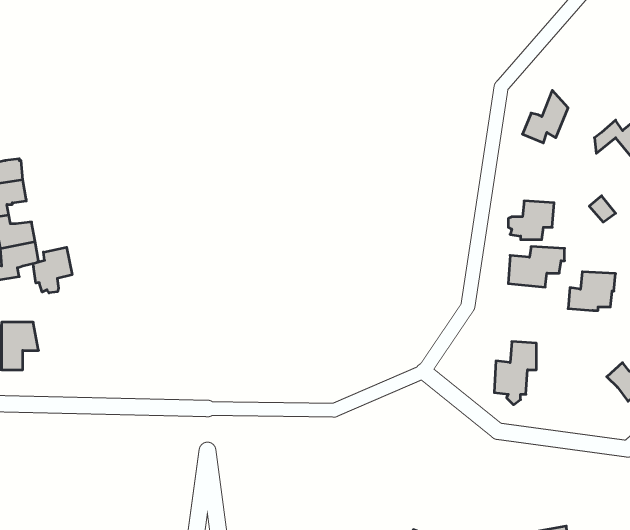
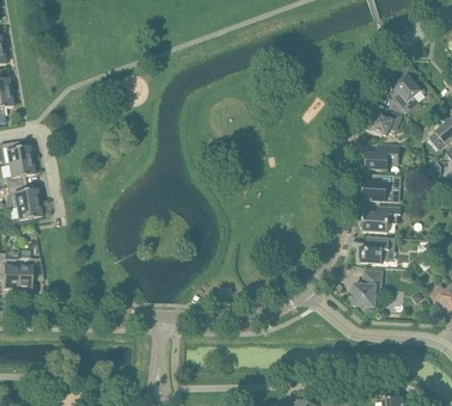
building: none -> [392,74,420,112]
building: none -> [365,146,397,170]
building: [33,247,72,293] -> none
building: [568,272,616,310] -> [356,236,389,263]

